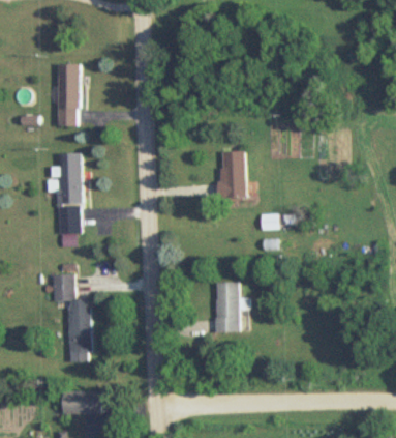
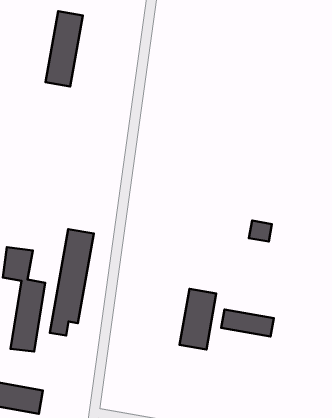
building: [219,151,245,197] -> none
building: [59,153,82,245] -> [50,229,94,336]
building: none -> [221,309,274,336]

